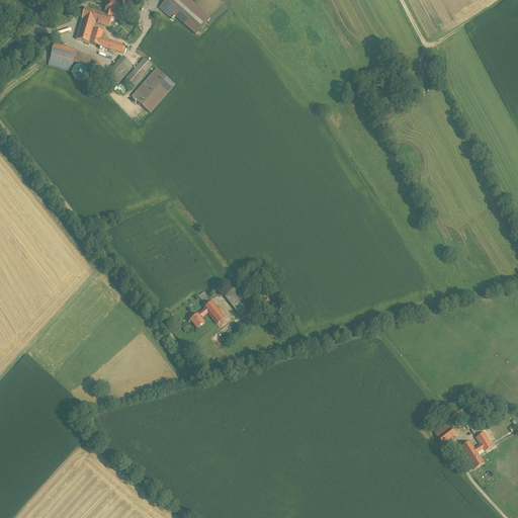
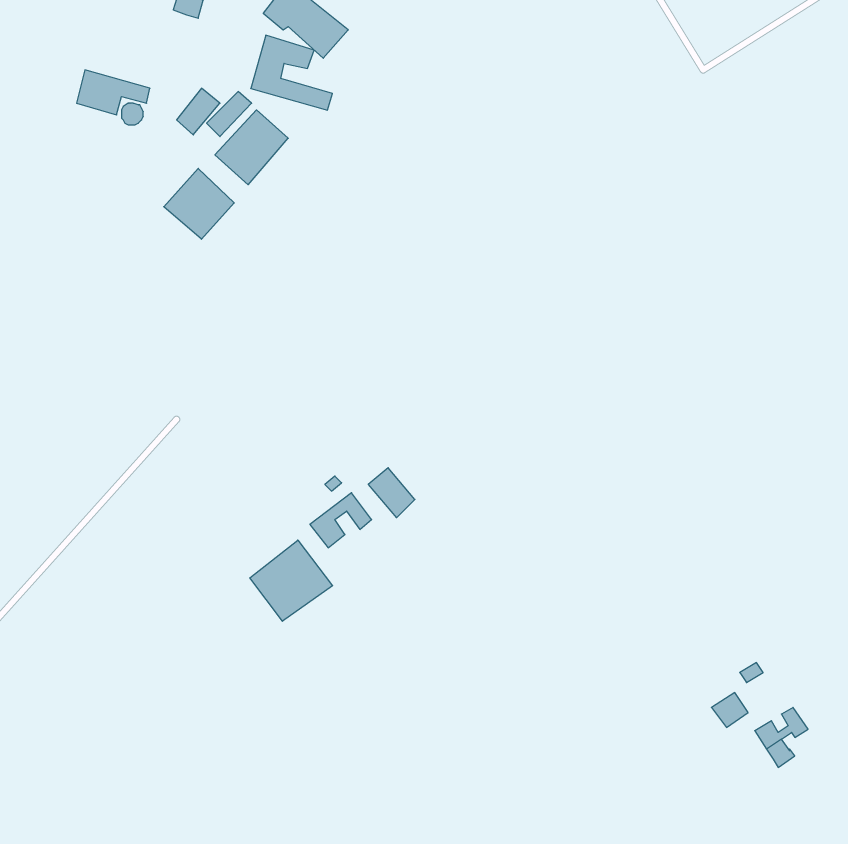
building: [76,5,125,51] -> [251,35,332,110]
building: none -> [164,168,234,239]
building: none -> [250,540,333,621]

